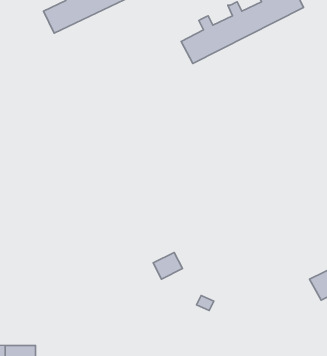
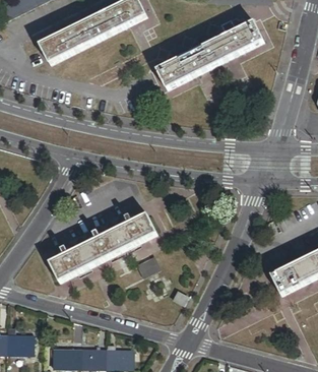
building: none -> [51,215,156,283]

